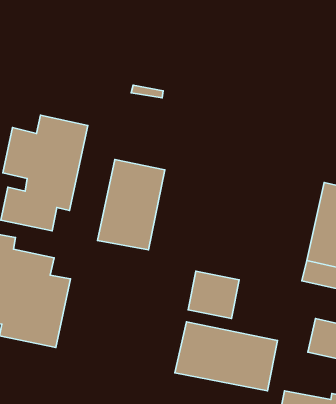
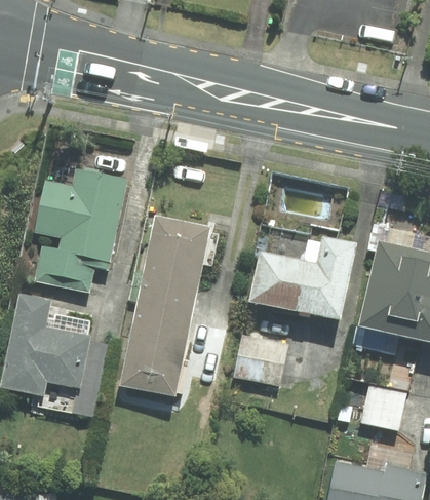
building: none -> [250,237,355,318]
building: none -> [120,303,191,395]
building: [175,322,277,391] -> none

